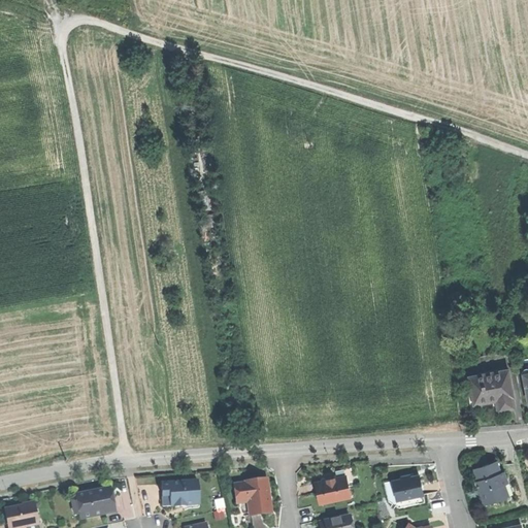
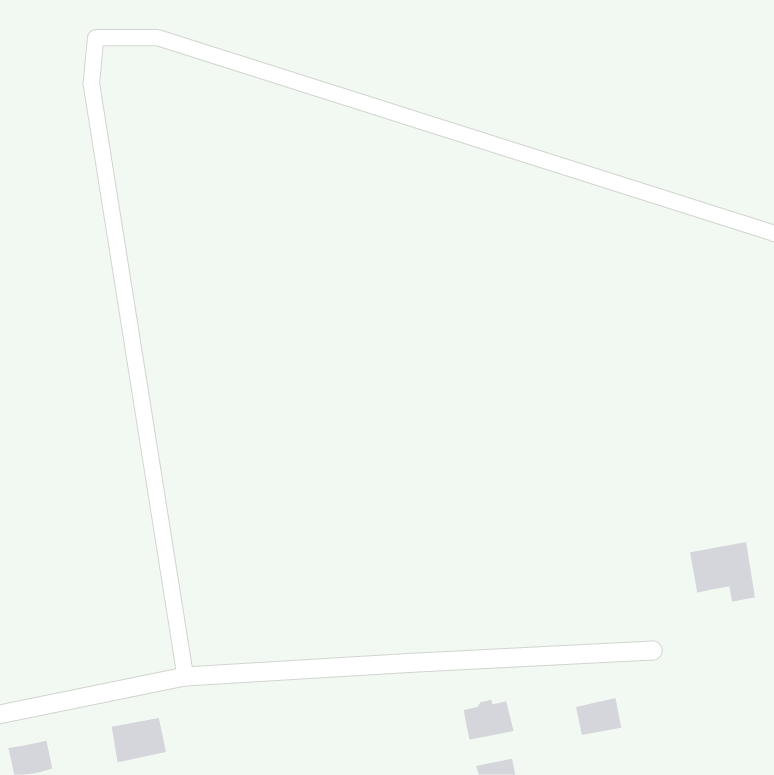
building: [474,462,507,504] -> none
building: [233,477,269,513] -> none
building: [160,481,198,506] -> none

